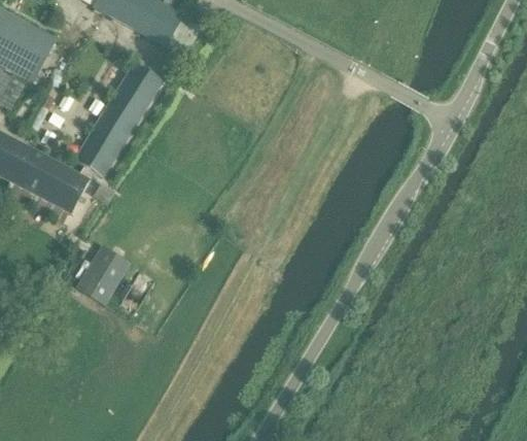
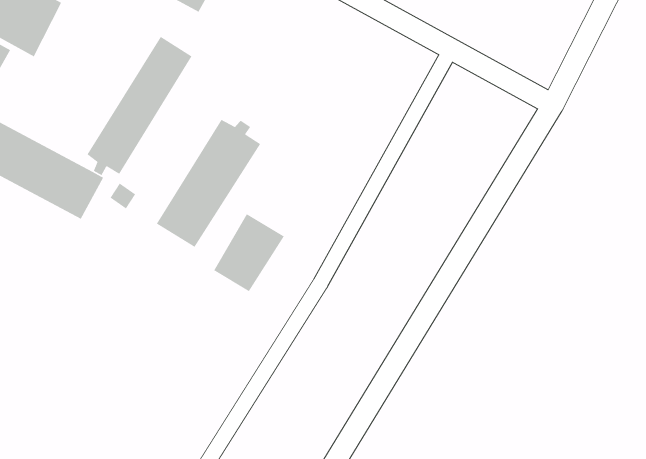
building: none -> [156,119,261,248]
building: [75,242,133,306] -> [213,213,285,292]

